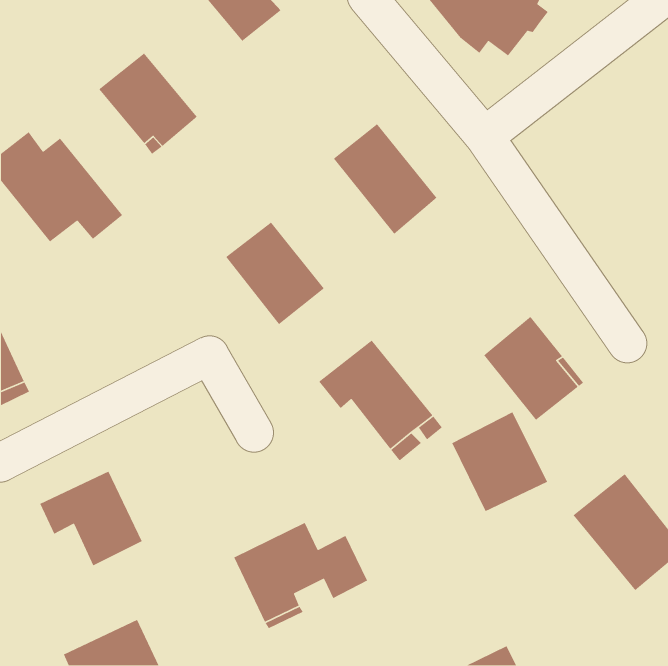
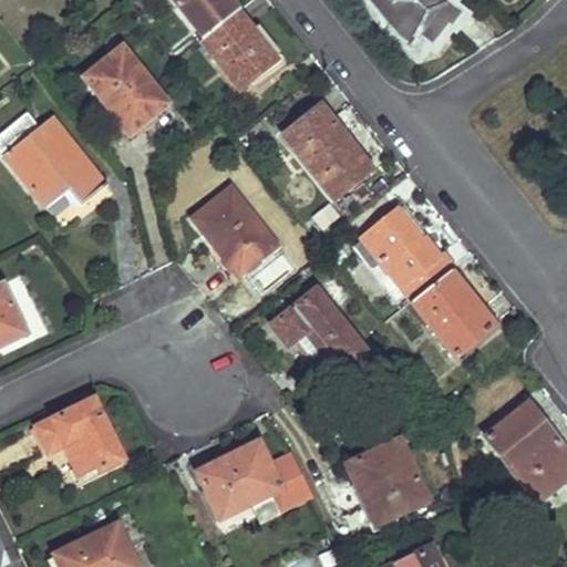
building: none -> [200,9,280,90]
building: none -> [360,208,454,300]
building: [451,411,548,512] -> [347,439,429,524]

